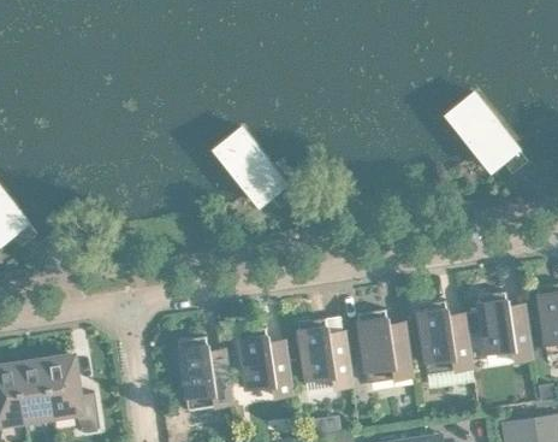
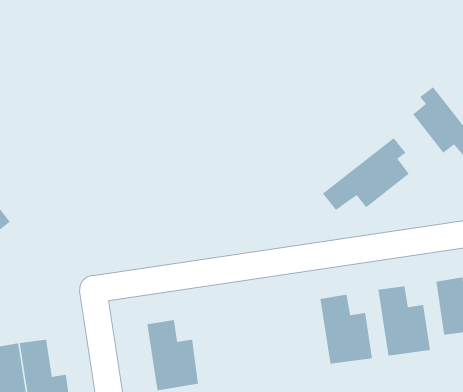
building: [221,126,295,207] -> none
building: none -> [322,137,410,211]
building: [297,317,351,391] -> none
building: [237,326,291,396] -> none

